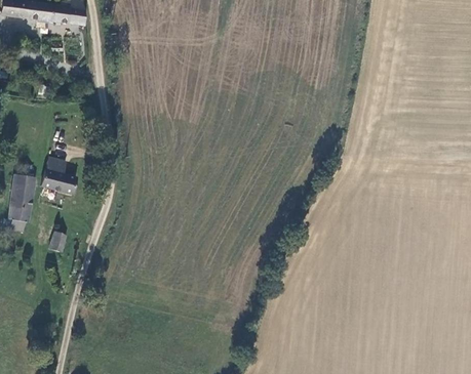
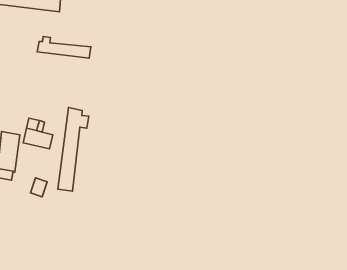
building: none -> [37,36,91,58]
building: none -> [58,108,89,191]

